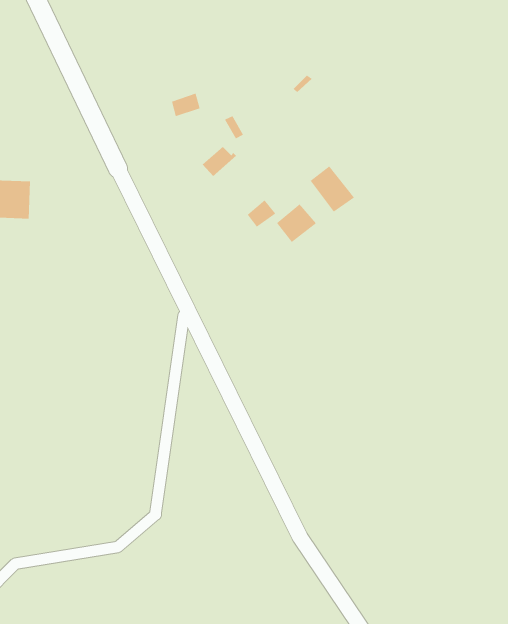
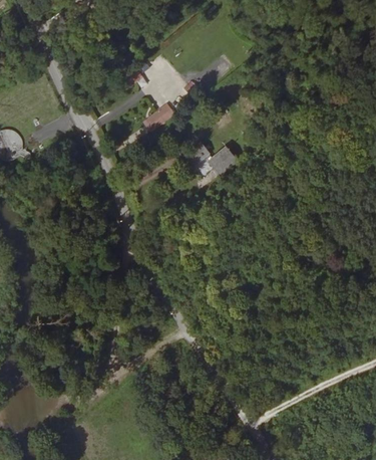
building: [310,165,355,212] -> none

